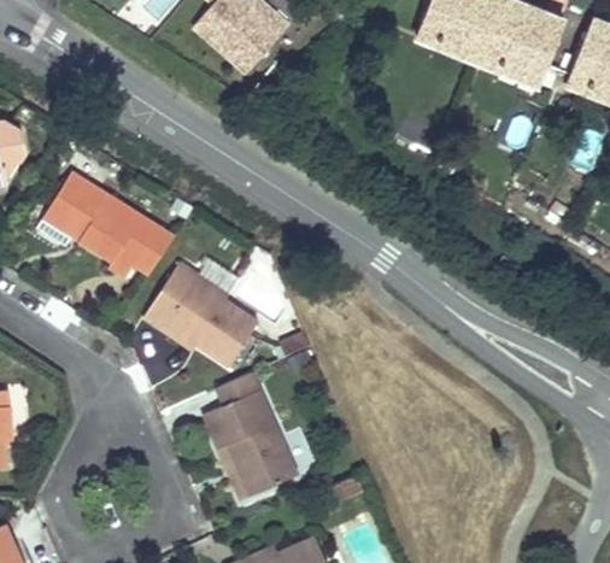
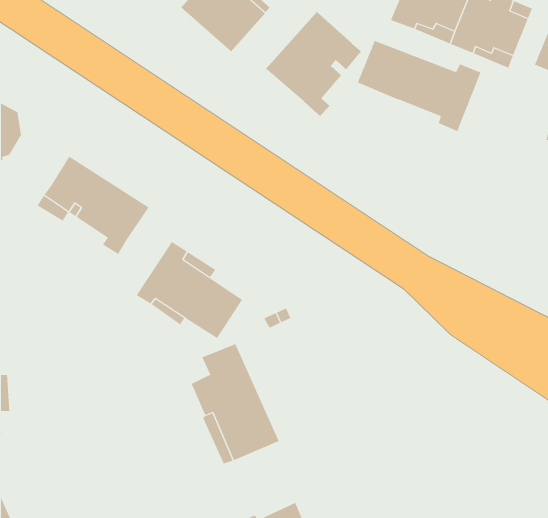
building: none -> [265,11,362,117]
building: none -> [357,40,481,132]

